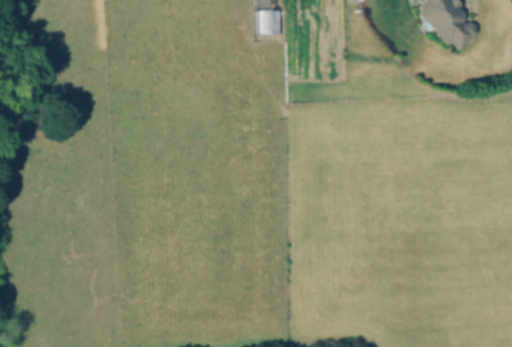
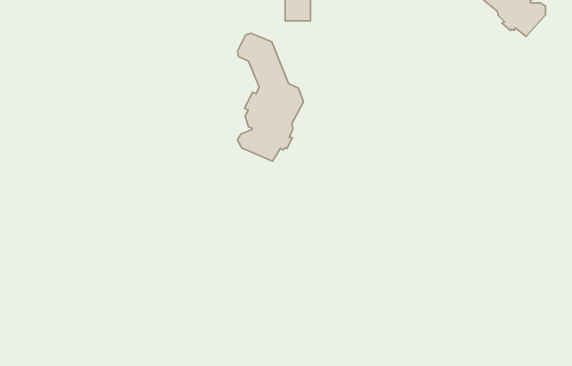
building: none -> [238,33,303,161]

